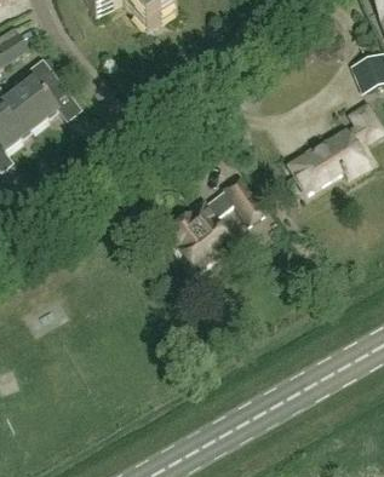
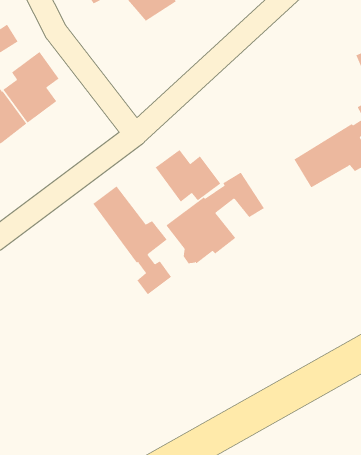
building: none -> [155,149,221,202]
building: none -> [92,186,172,295]

